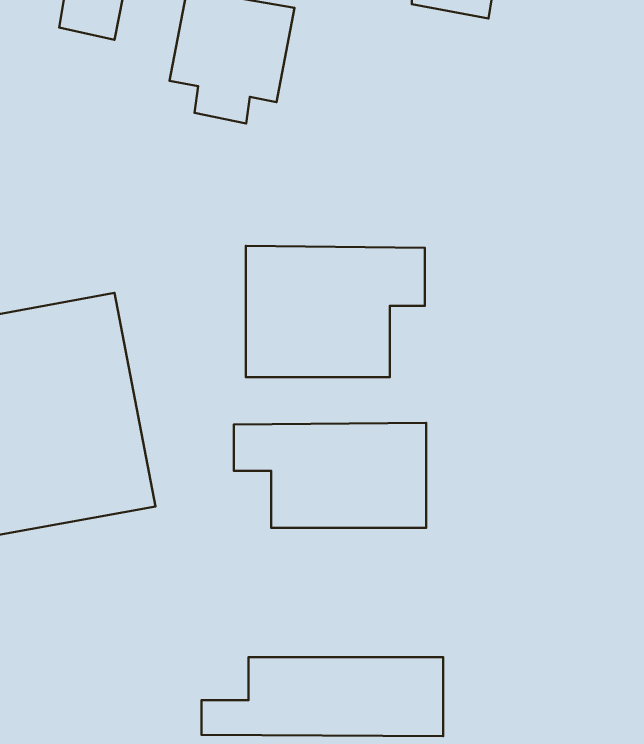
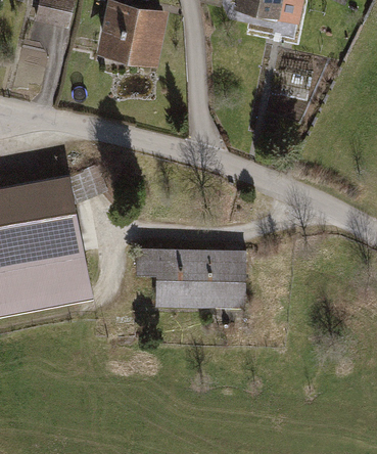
building: [246,246,425,377] -> none
building: [202,657,443,736] -> none

